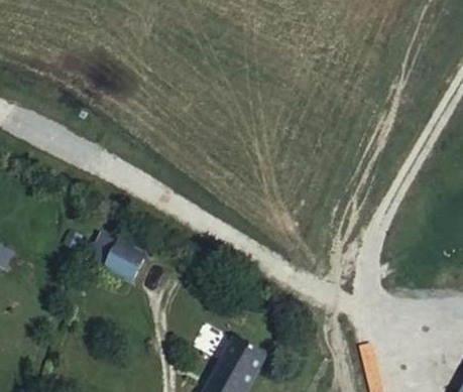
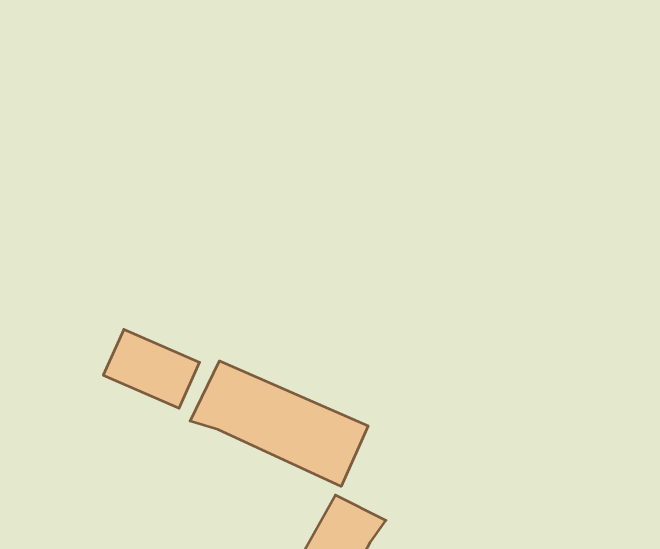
building: none -> [190,361,368,486]

